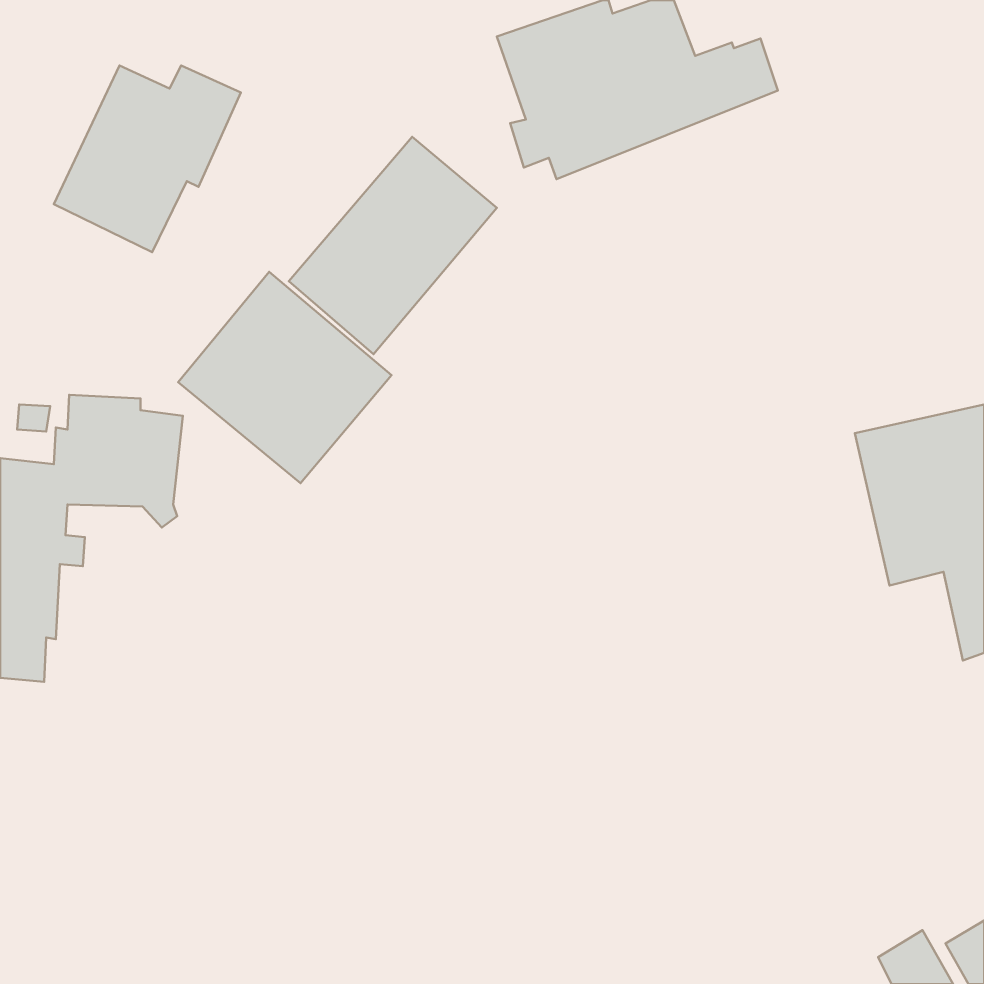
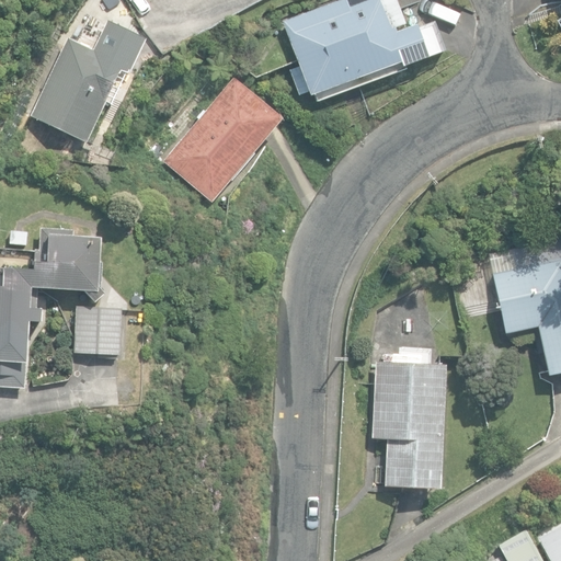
building: [178,272,392,483] -> none
building: none -> [73,310,121,354]
building: none -> [373,359,446,488]

